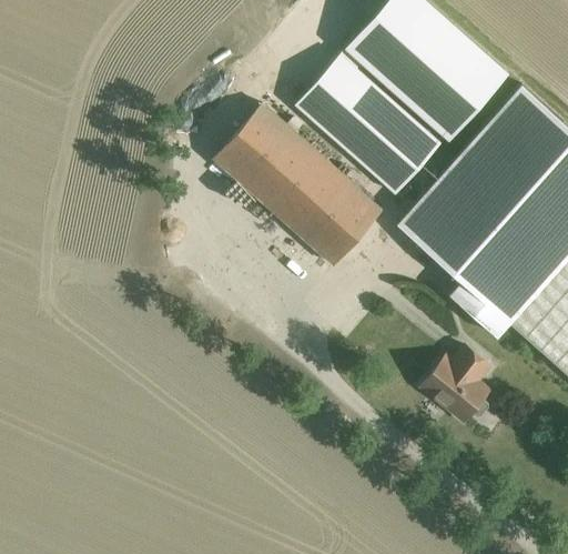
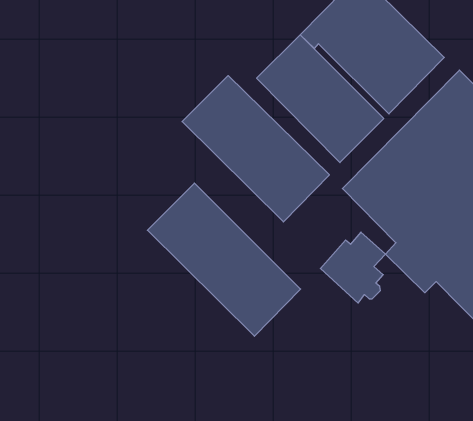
building: none -> [147,183,301,336]
building: [420,344,493,424] -> [320,232,385,303]

